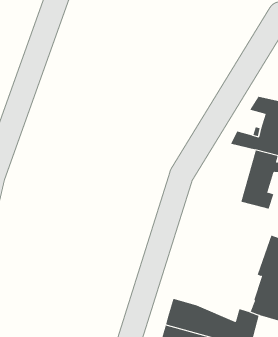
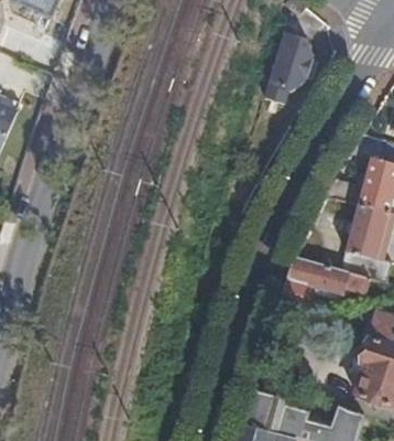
building: none -> [264,43,313,115]
building: none -> [281,257,370,305]

